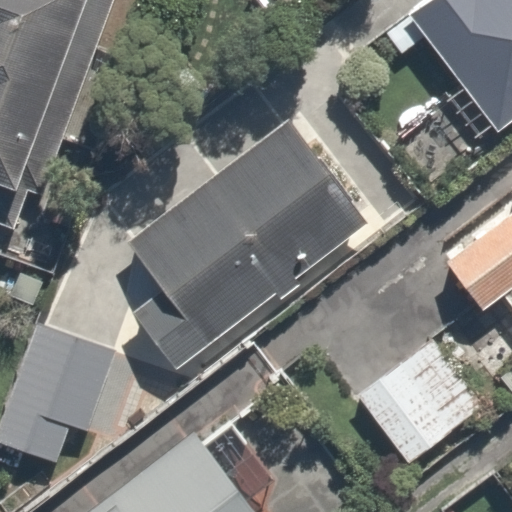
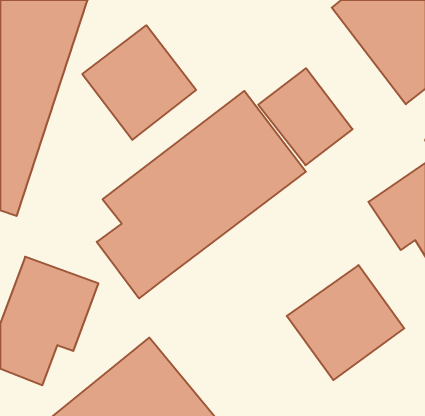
building: none -> [82,25,196,140]
building: none -> [258,68,353,165]

